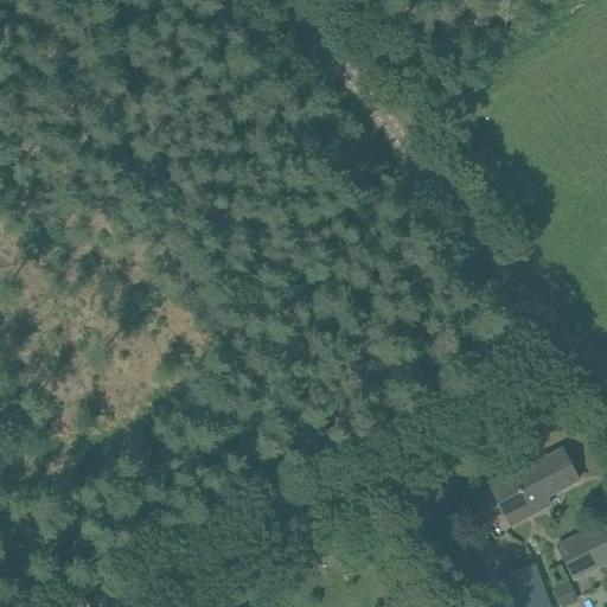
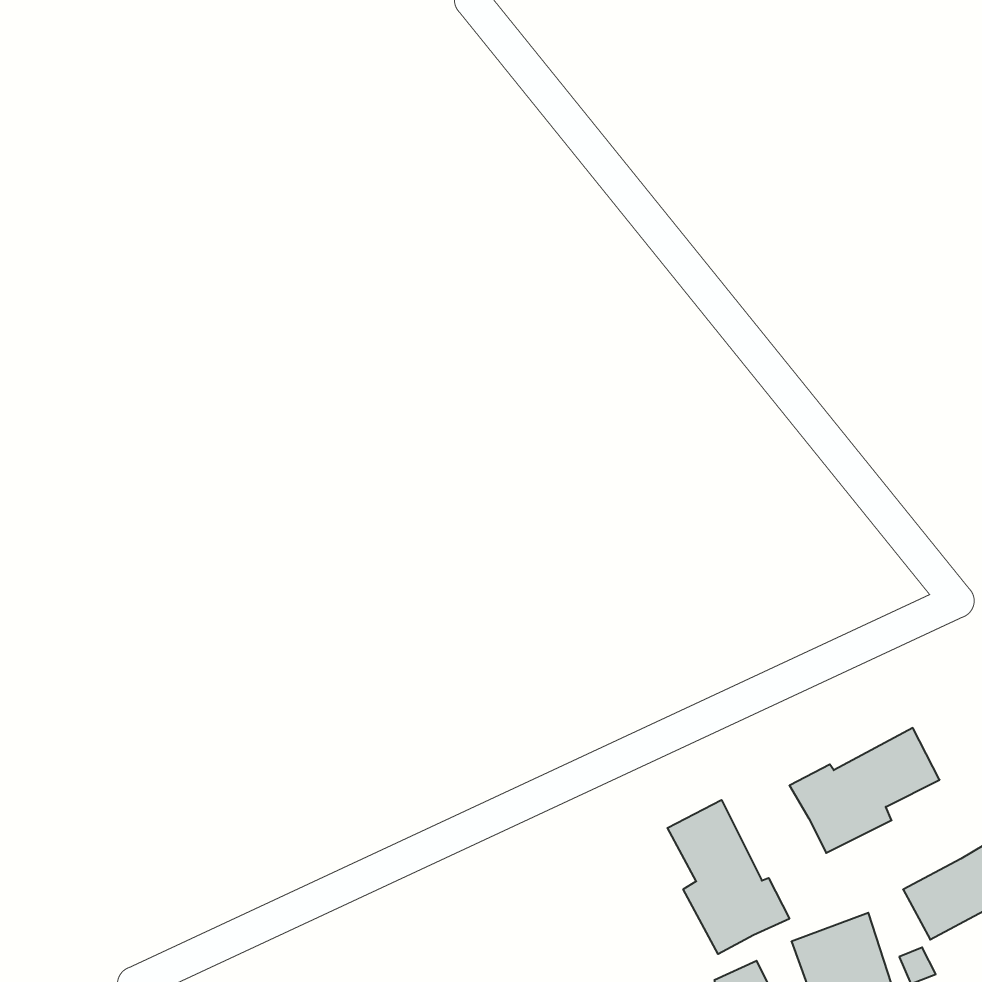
building: none -> [667,800,789,954]

